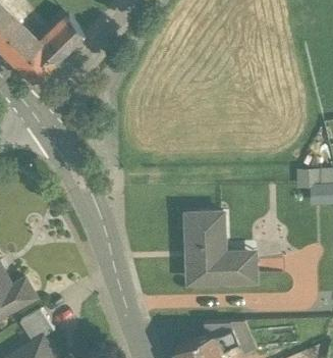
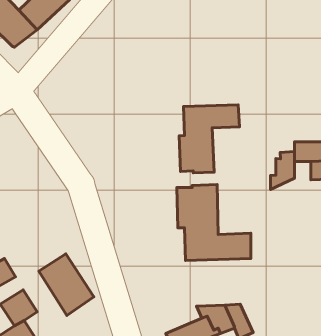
building: none -> [179,105,240,173]
building: none -> [270,152,295,189]
building: none -> [39,254,94,315]

